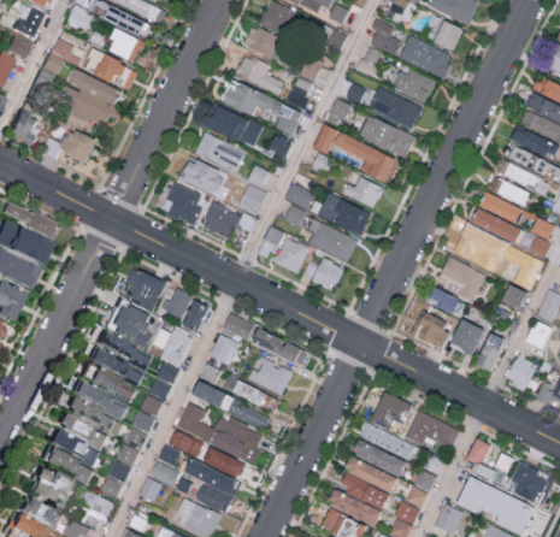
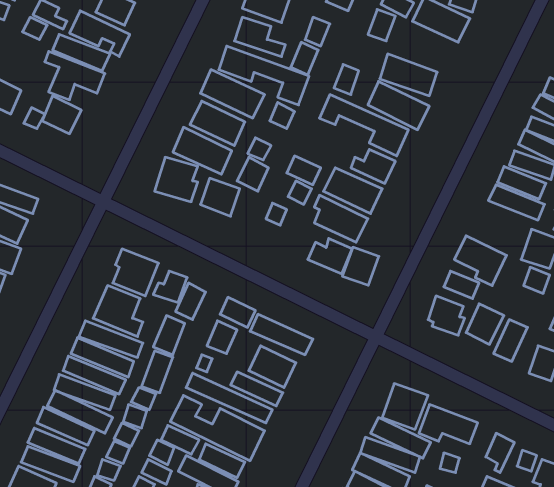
building: [391,70,436,101] -> none
building: [455,225,499,266] -> none
building: [276,237,310,272] -> [342,247,379,285]

